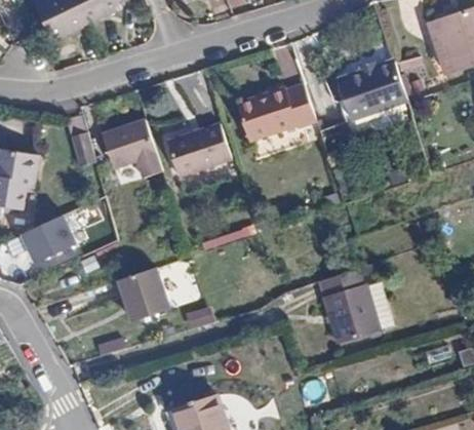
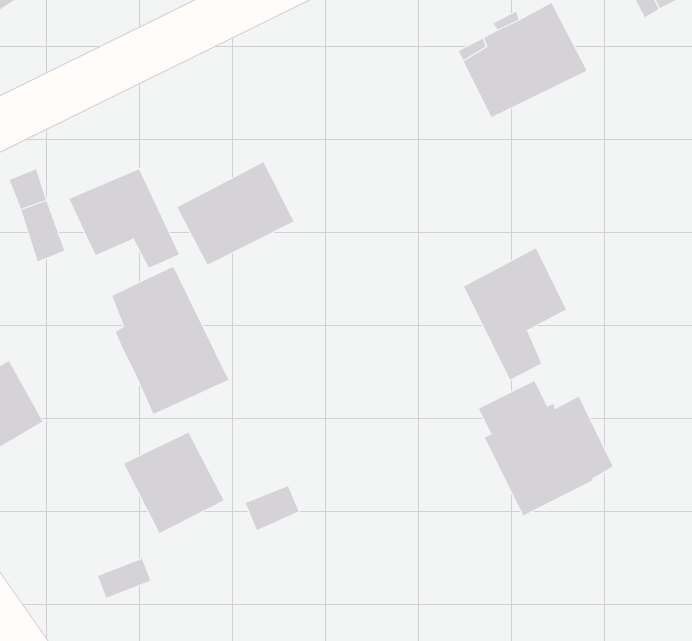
building: [237,86,317,140] -> none
building: none -> [112,266,229,415]
building: none -> [463,247,567,381]

